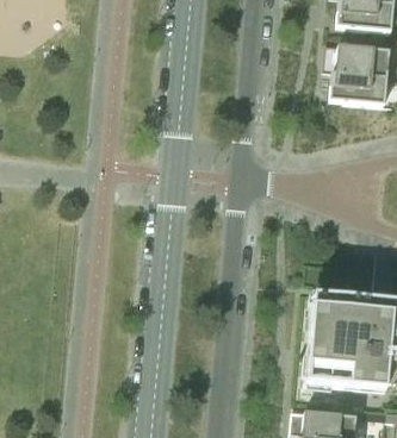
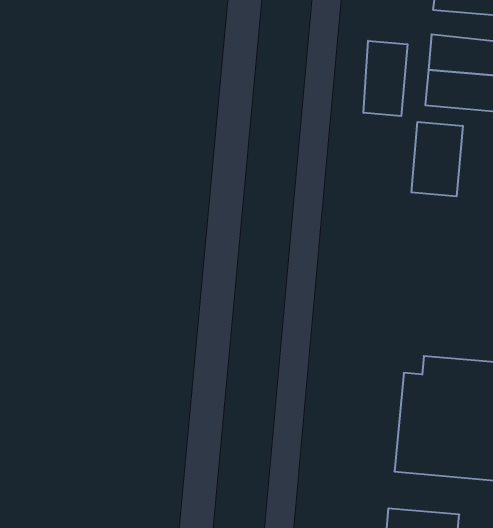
building: none -> [363,41,408,116]
building: none -> [411,122,463,196]

